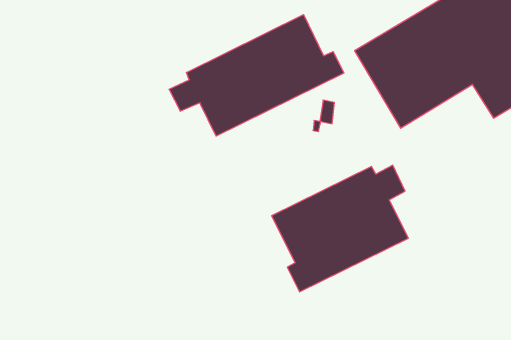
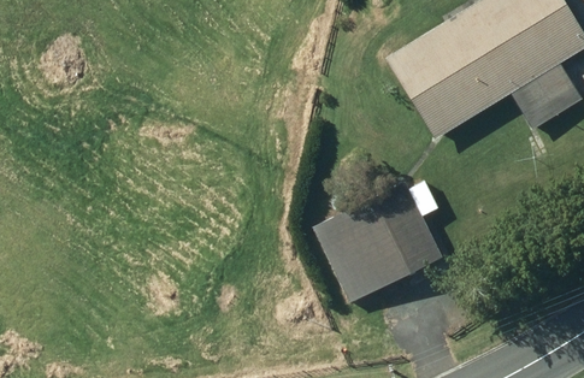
building: [169,15,344,136] -> none

